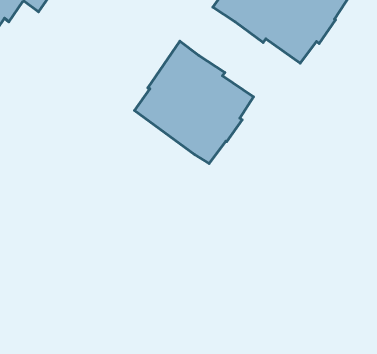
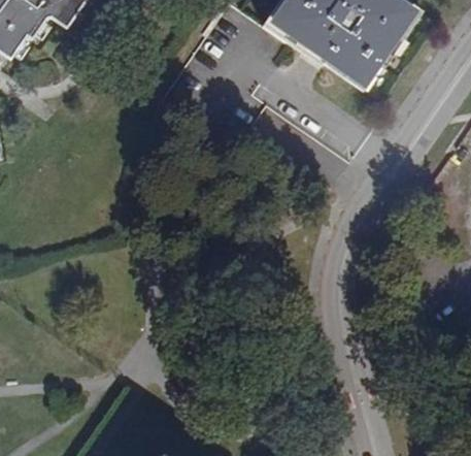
building: [135,41,253,164] -> none

